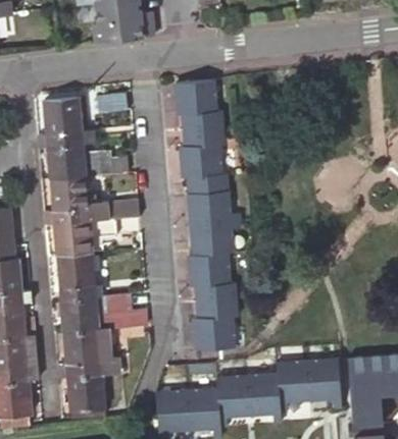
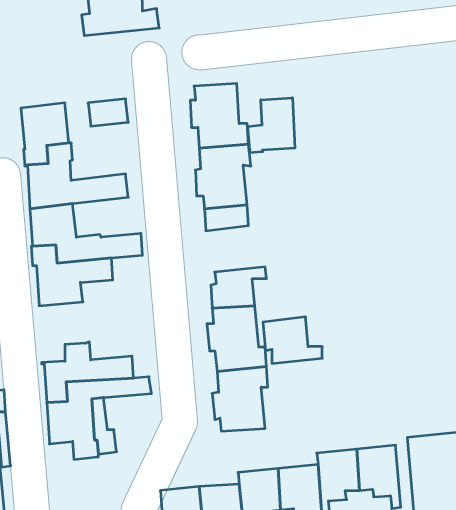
building: none -> [248,98,295,153]
building: [189,190,236,227] -> [263,317,322,363]
building: [57,251,94,298] -> none
building: [65,361,106,407] -> none

